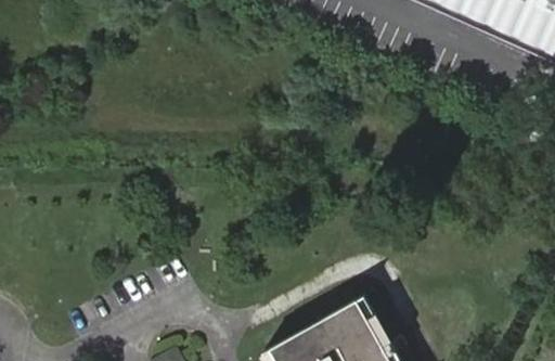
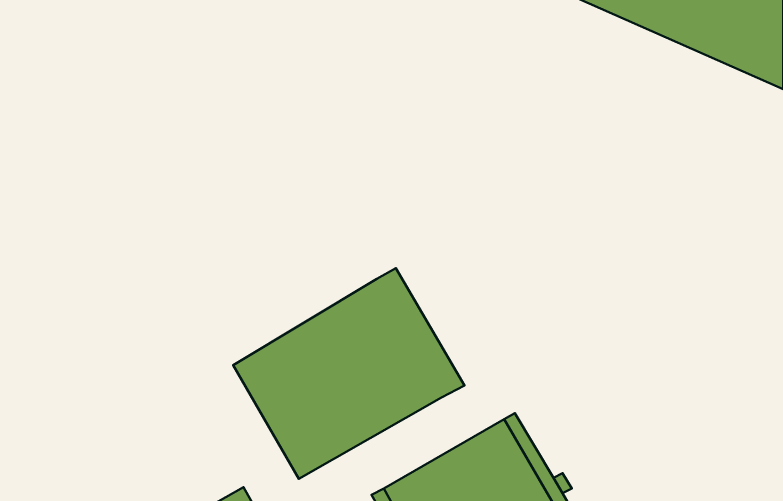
building: none -> [233,268,465,479]

